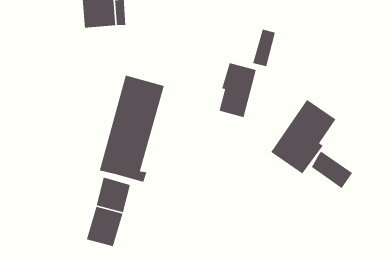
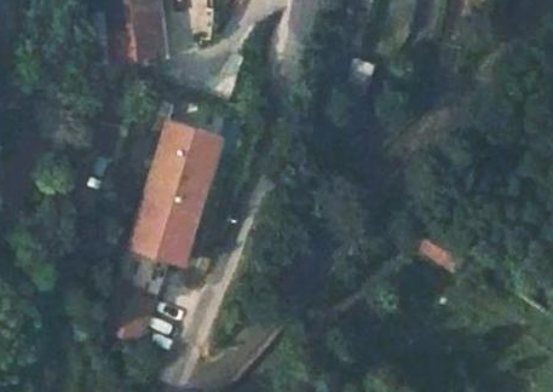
building: [219,62,257,118] -> none
building: [270,99,336,174] -> none

